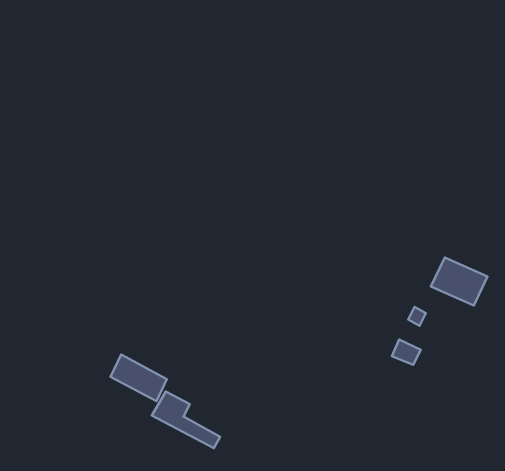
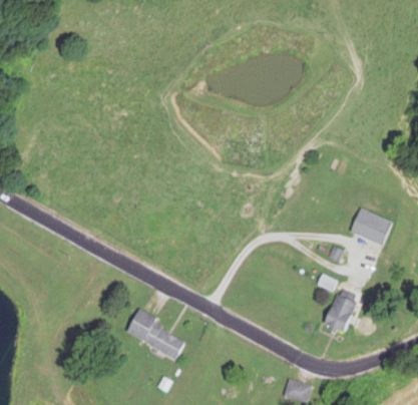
building: [110,355,167,401] -> none
building: none -> [321,294,359,334]

